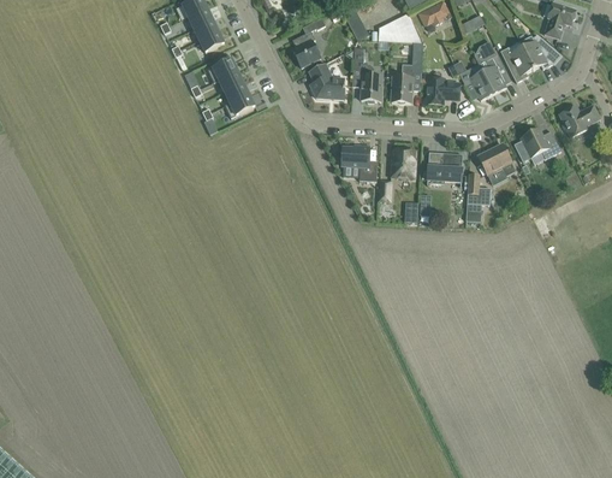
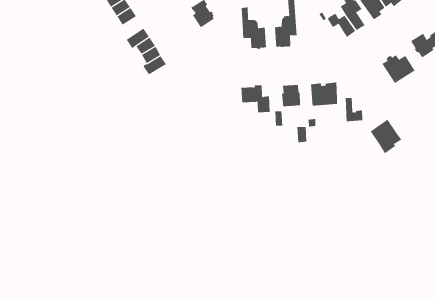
building: [308,63,344,99] -> none
building: [426,77,459,104] -> none
building: [477,142,516,185] -> [370,119,402,154]

